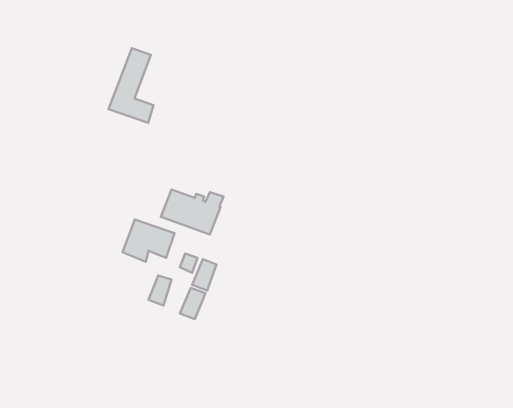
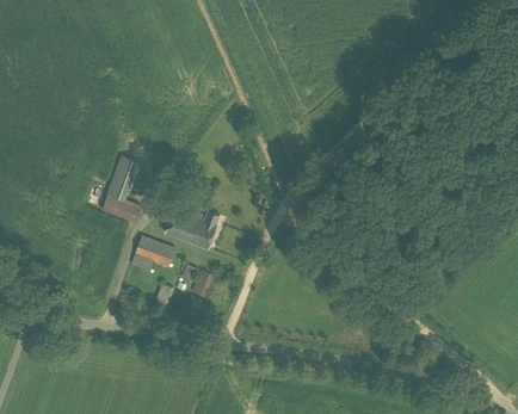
building: [109,48,153,123] -> [100,155,140,221]

